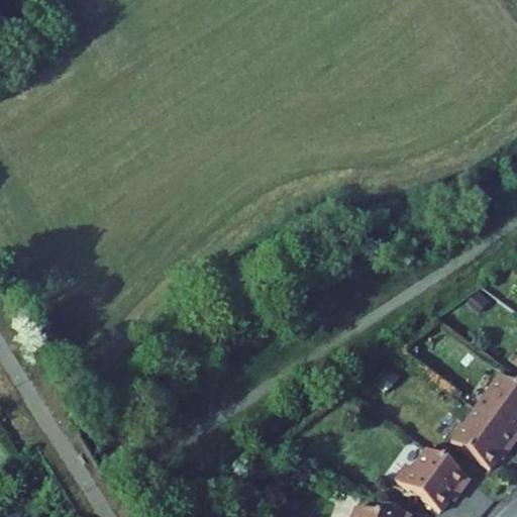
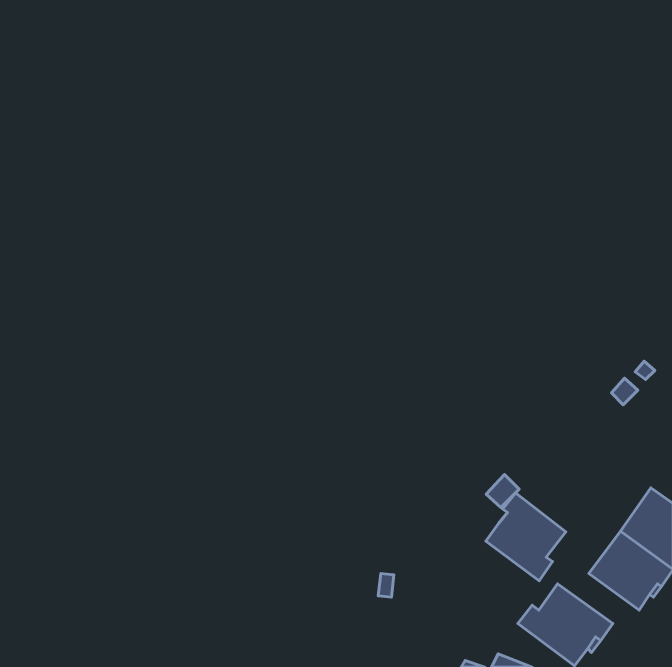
building: none -> [486,493,566,581]

